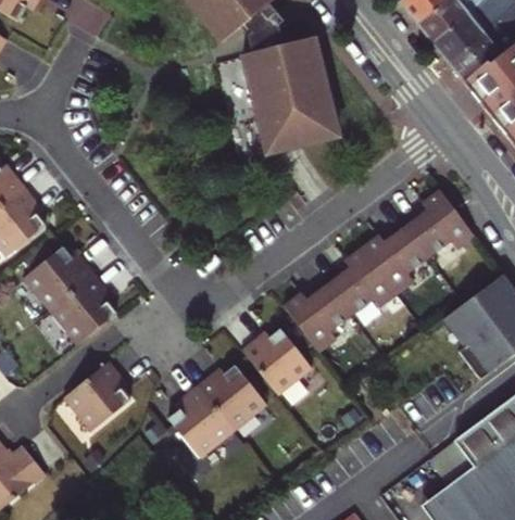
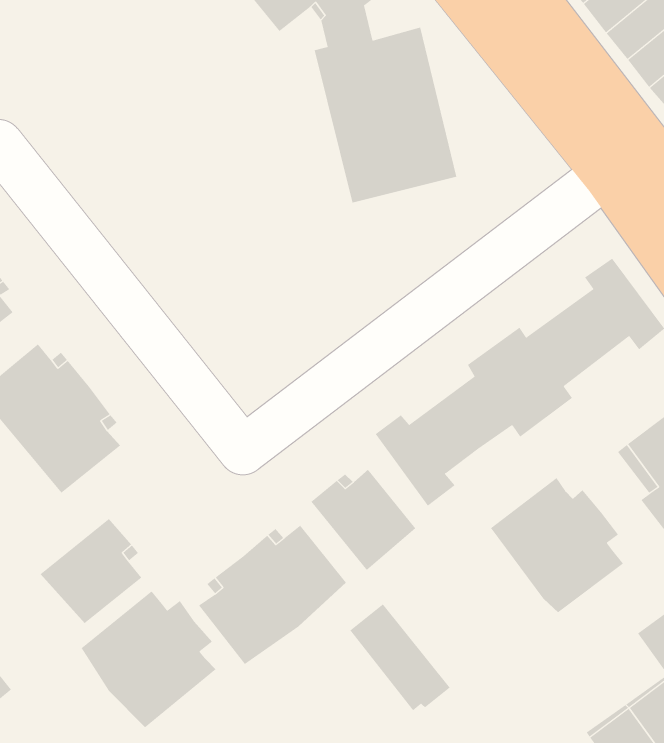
building: none -> [490,477,624,613]
building: none -> [81,591,217,728]
building: none -> [350,603,450,711]

